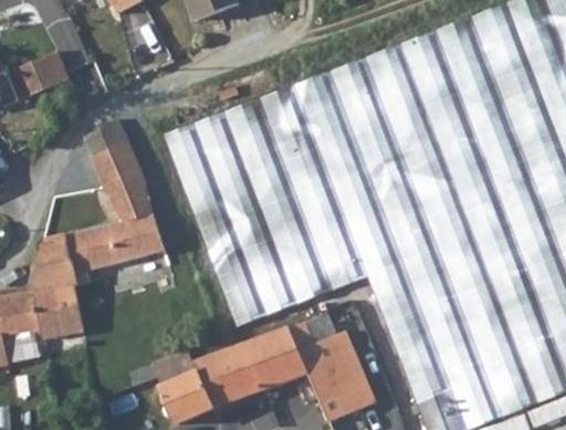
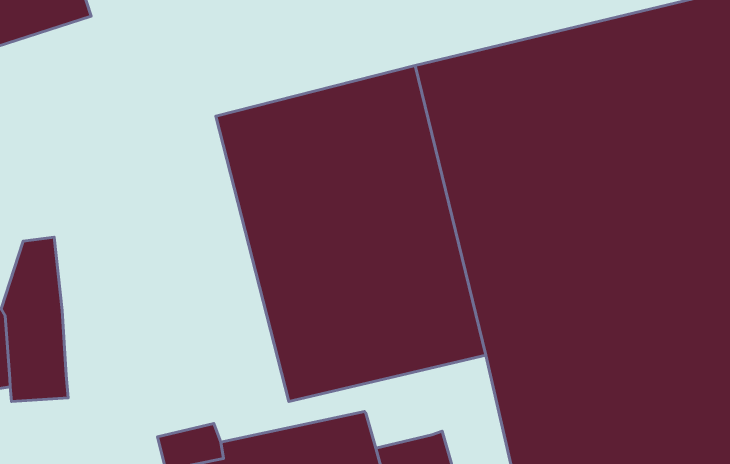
building: [61,118,165,284] -> none
building: [292,311,339,350] -> none

